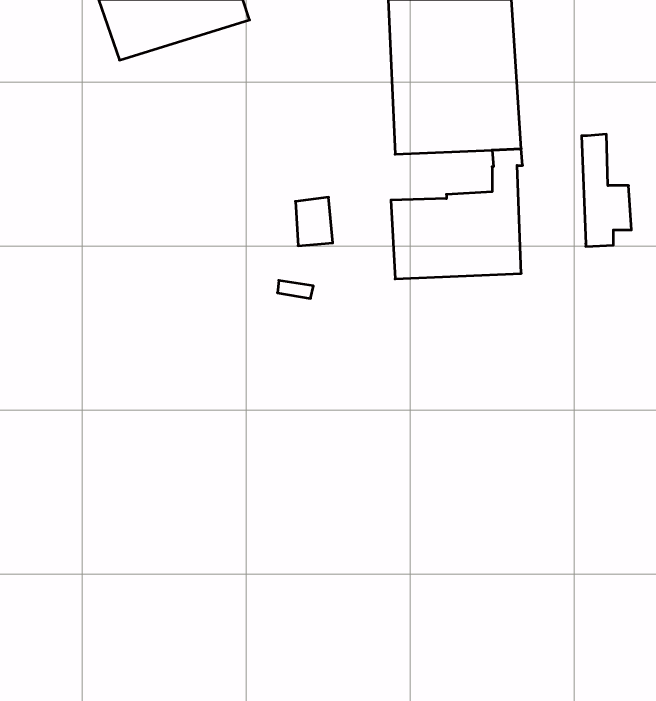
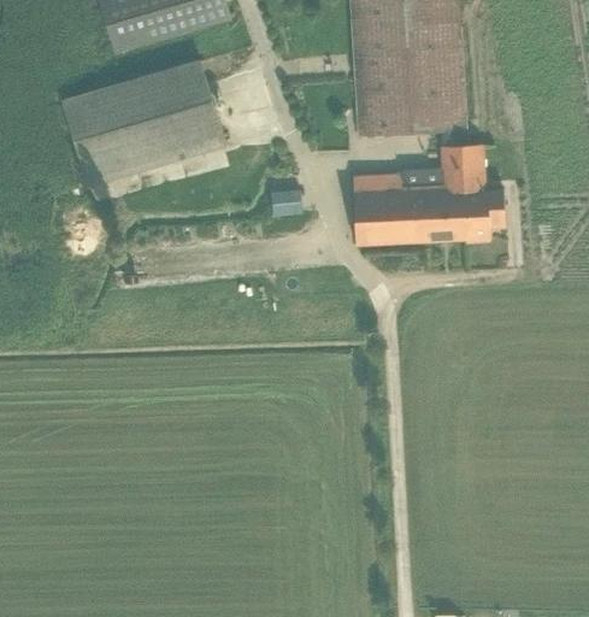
building: none -> [61,59,225,187]
building: [582,134,631,246] -> [463,143,506,241]

